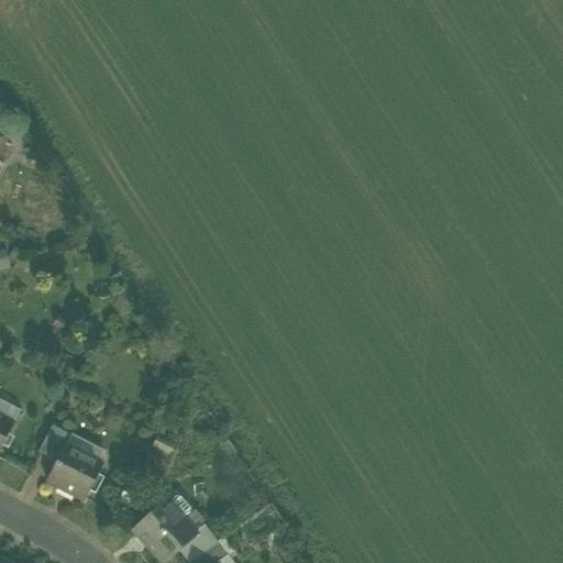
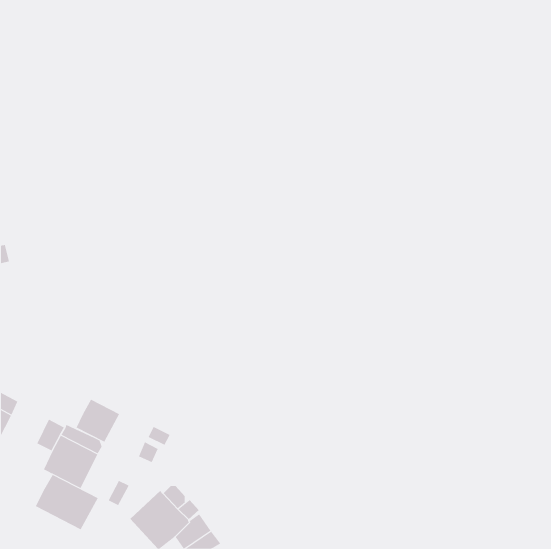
building: none -> [76,399,120,443]
building: none -> [35,474,98,530]

